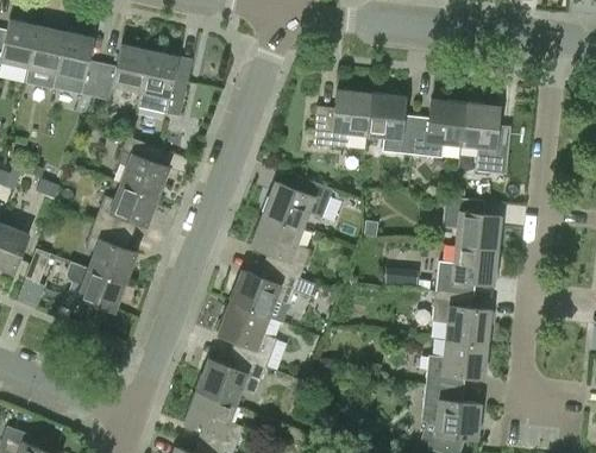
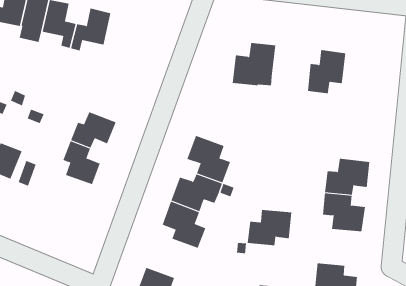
building: [138,50,187,115] -> none
building: [366,93,416,155] -> none
building: [460,103,510,174] -> none
building: [118,136,168,196] -> none
building: [263,176,334,228] -> none
building: [443,196,501,250] -> none
building: [67,262,125,310] -> none
building: [426,340,487,389] -> [247,210,292,246]
building: [196,353,266,405] -> none

